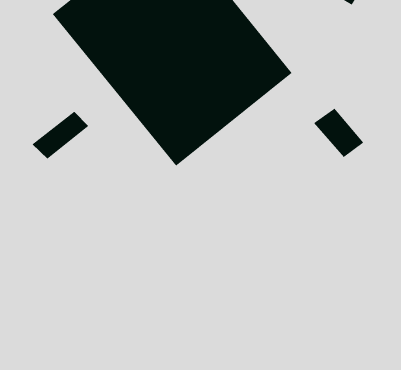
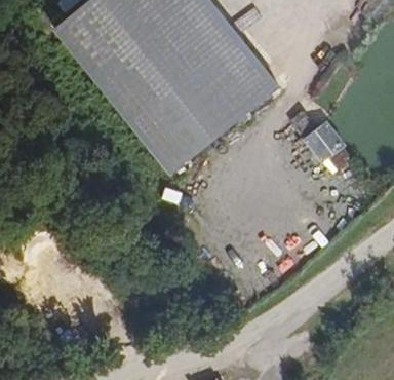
building: [31,111,89,160] -> none

